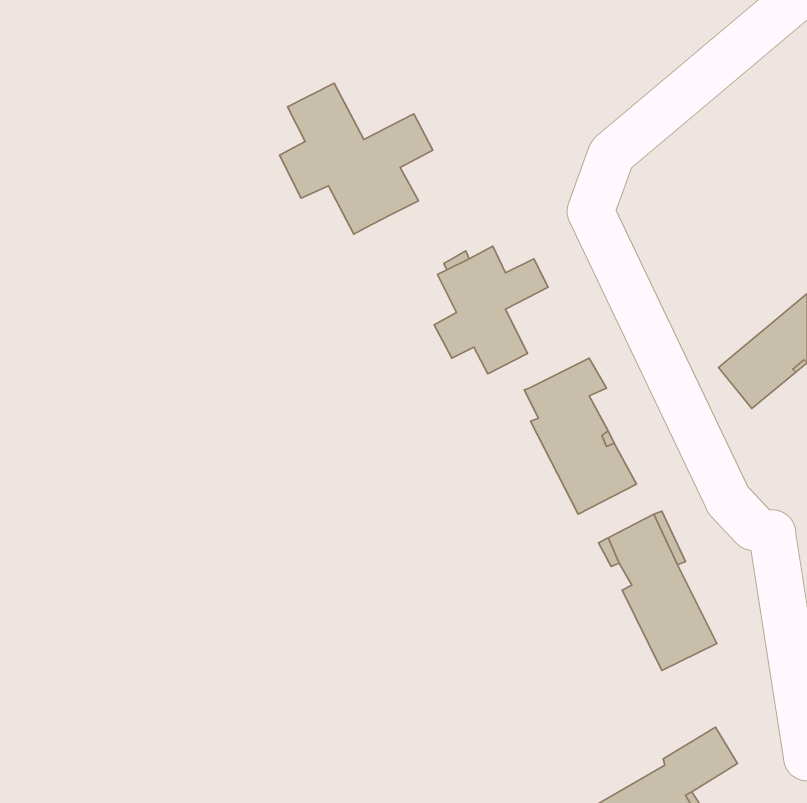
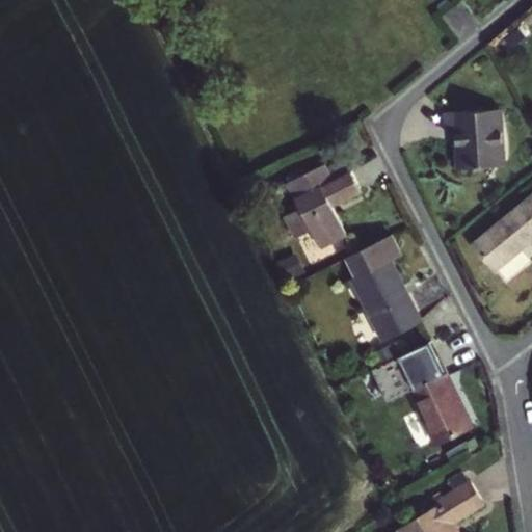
building: [279,83,433,234] -> none
building: none -> [447,109,505,169]

